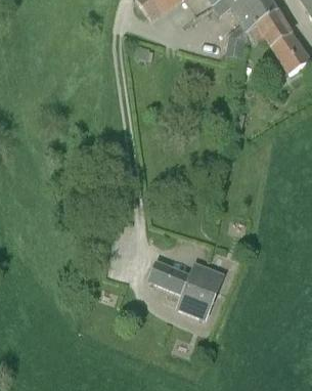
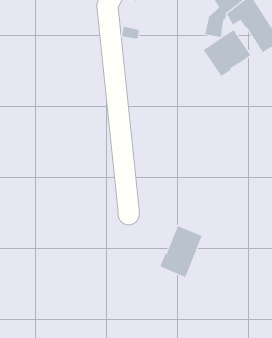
building: none -> [203,29,251,77]
building: [149,261,190,293] -> none

